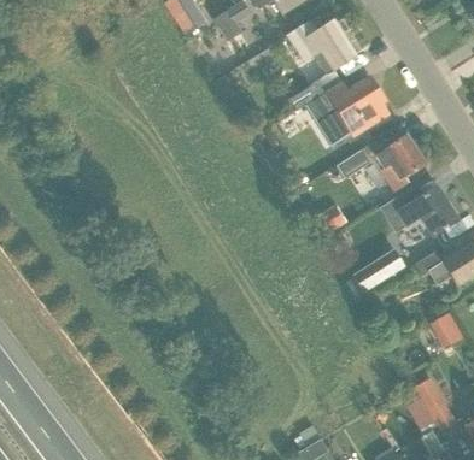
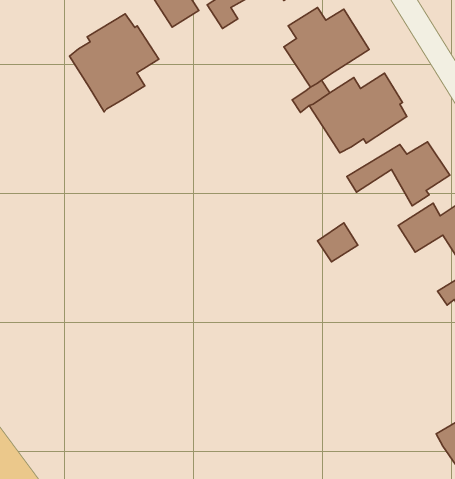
building: none -> [69,14,159,112]
building: [353,249,405,291] -> none

